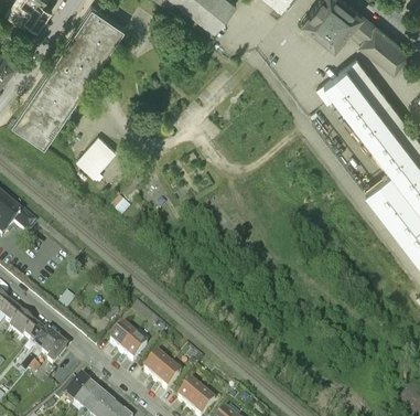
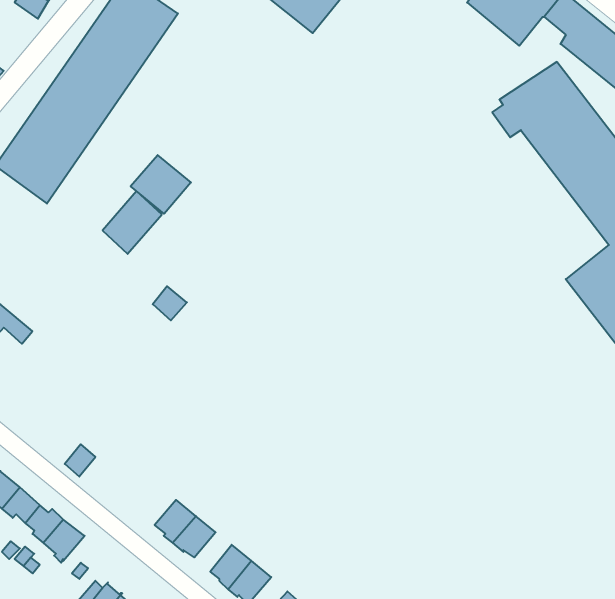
building: none -> [131,155,191,214]

